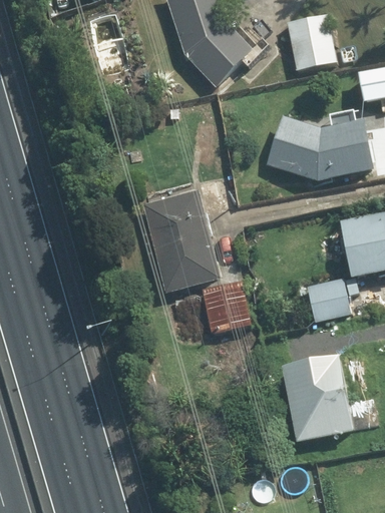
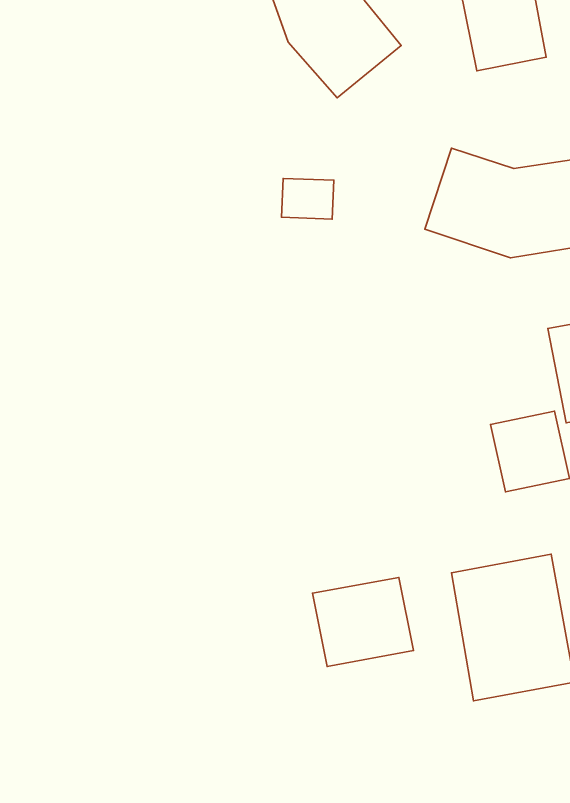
building: [141,186,223,292] -> none
building: [204,281,251,329] -> none
building: none -> [313,577,414,666]

